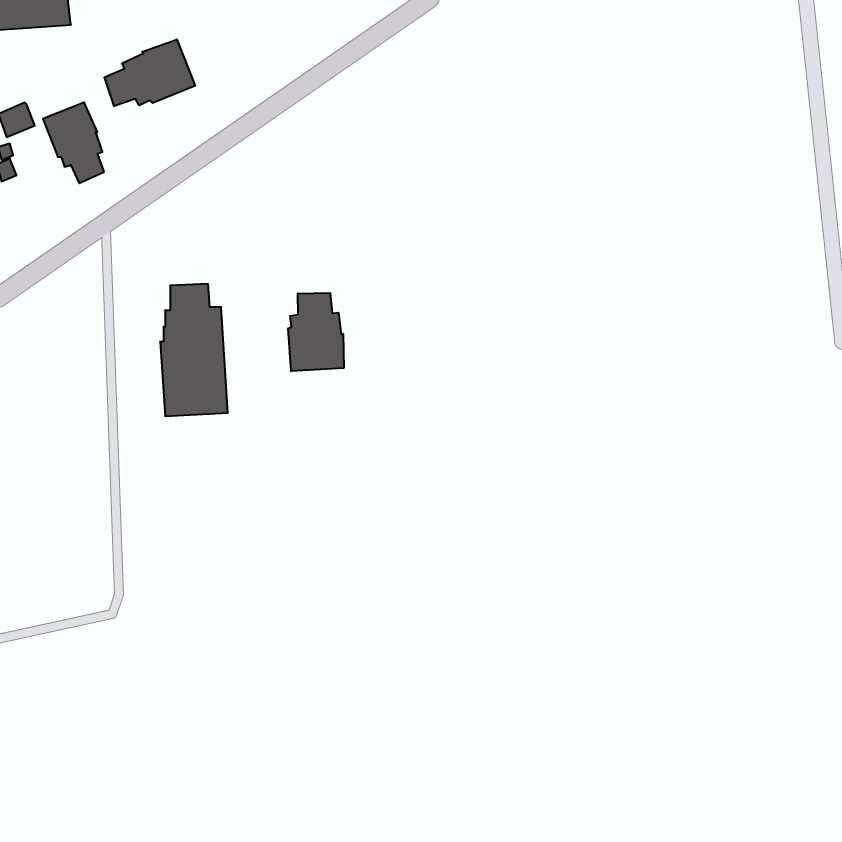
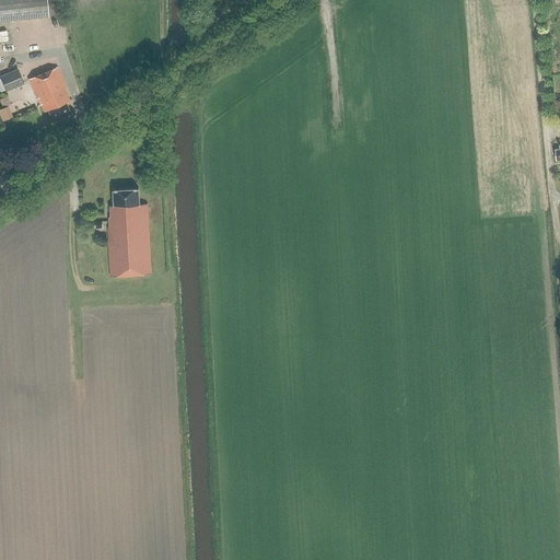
building: [104,39,195,106] -> none
building: [288,293,344,371] -> none

